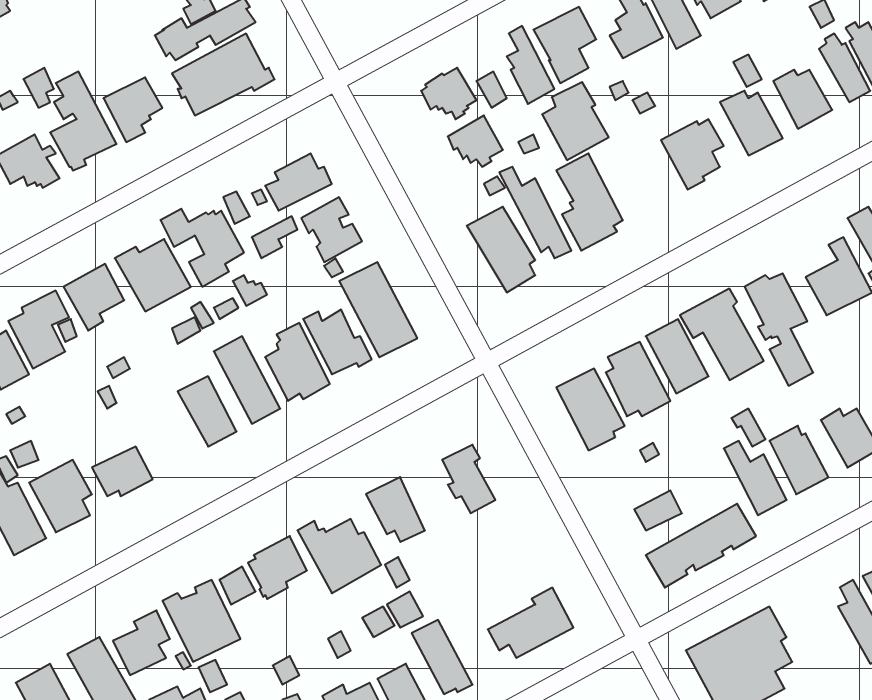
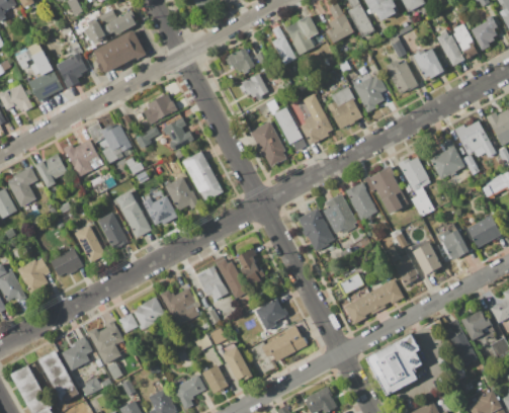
building: [542,82,609,160] -> [327,87,362,129]
building: none -> [74,225,105,263]
building: none -> [217,258,249,299]
building: none -> [255,298,289,330]

